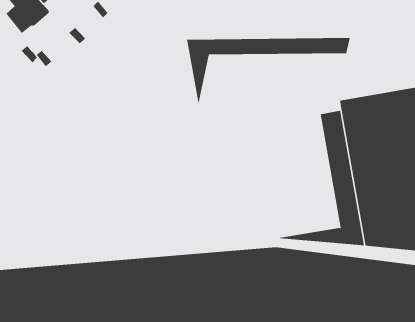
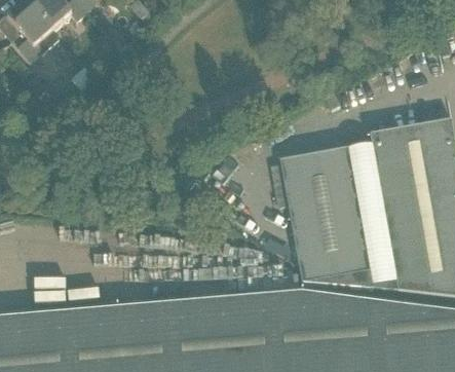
building: [187,37,351,105] -> none
building: none -> [269,142,370,276]

